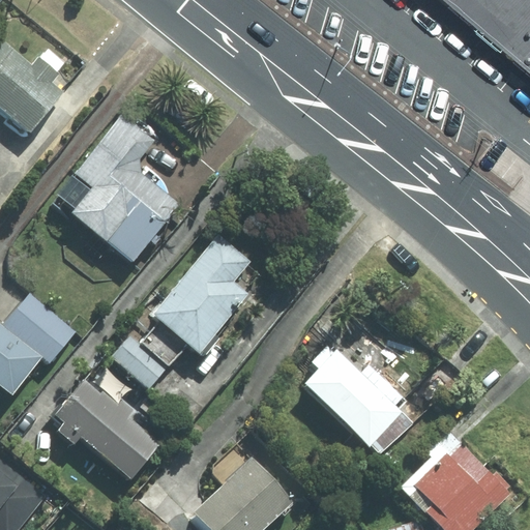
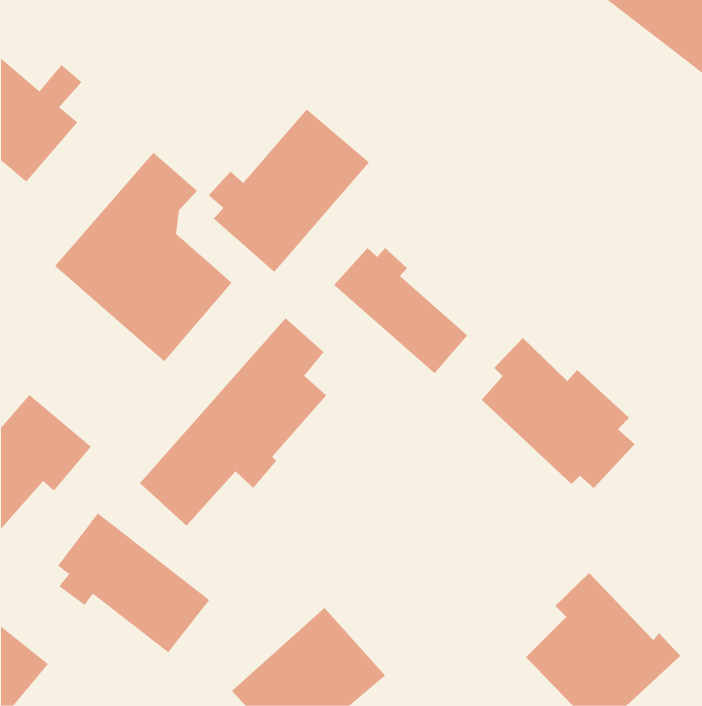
building: none -> [208,109,370,273]
building: none -> [333,247,468,374]
building: [298,342,413,454] -> [481,337,636,489]

